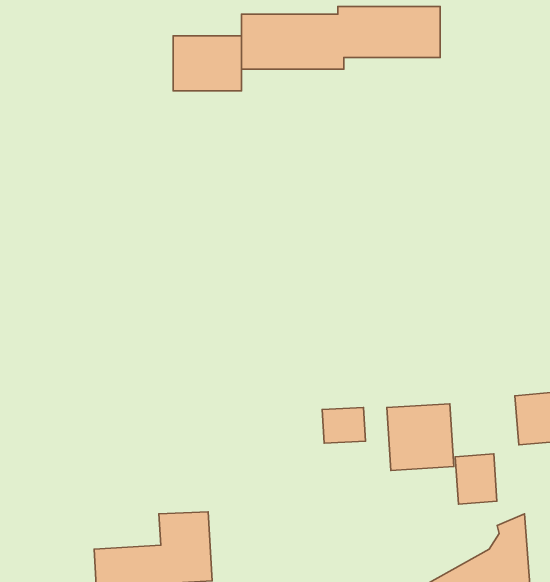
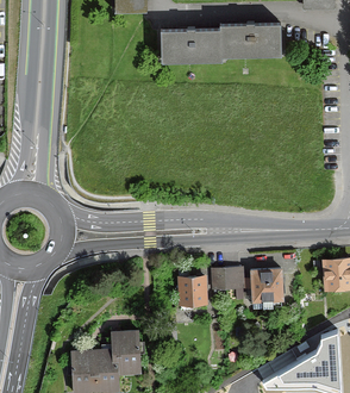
building: [173,36,241,91] -> none
building: none -> [176,276,208,306]
building: [455,454,497,504] -> none

